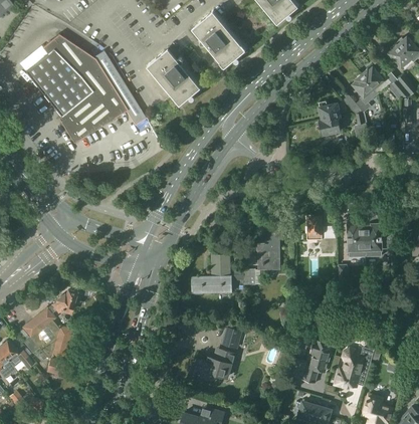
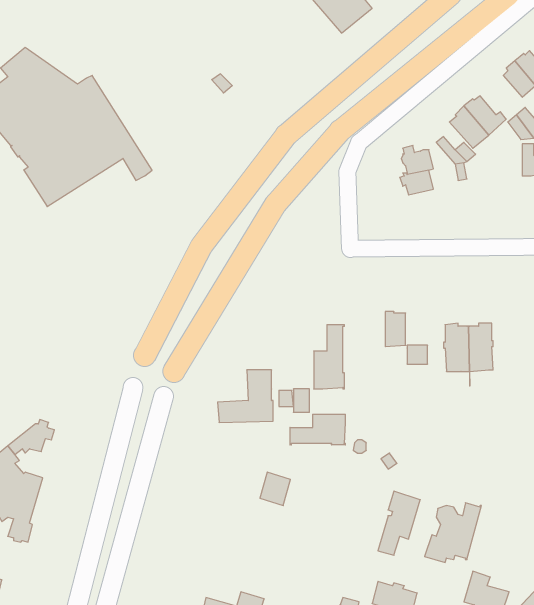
building: [193,11,246,68] -> none
building: [147,49,201,105] -> none
building: none -> [290,414,345,445]
building: [191,351,237,379] -> none

